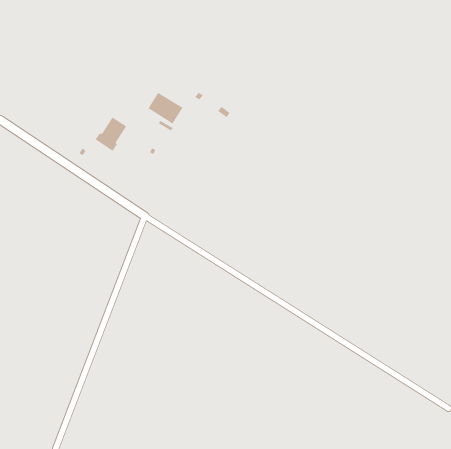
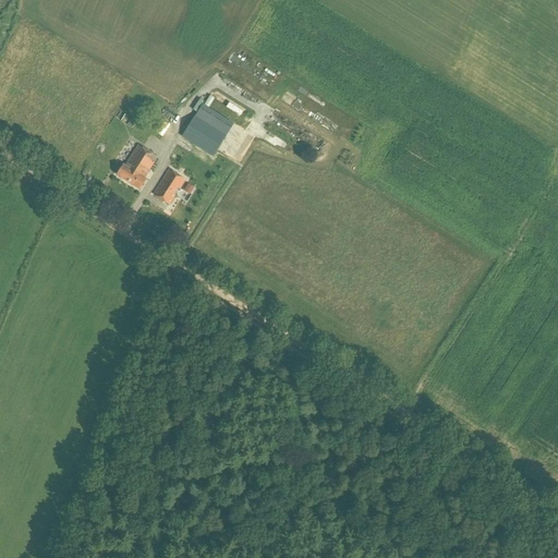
building: none -> [154,168,185,203]

